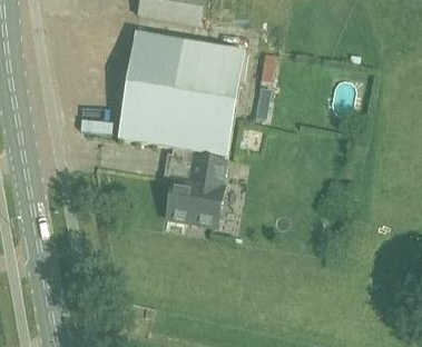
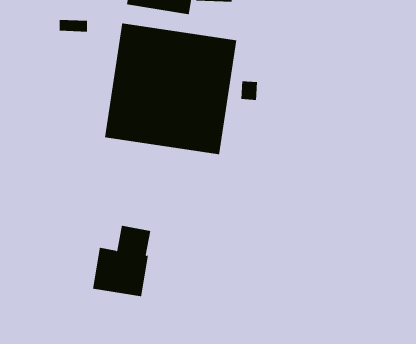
building: [166,156,223,225] -> [92,225,151,297]

